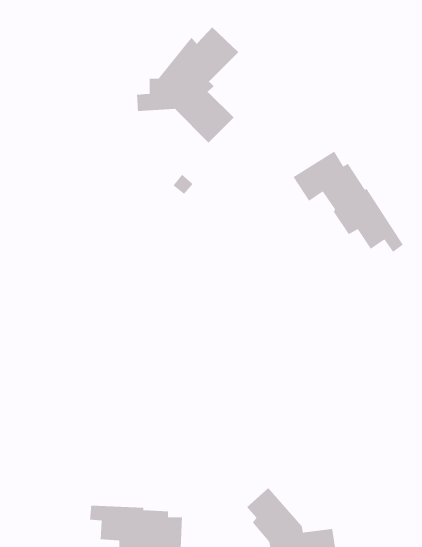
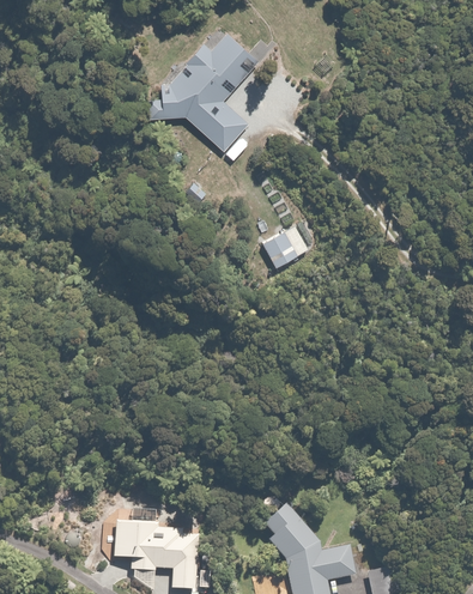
building: [293,150,404,253] -> none
building: none -> [261,222,310,269]

